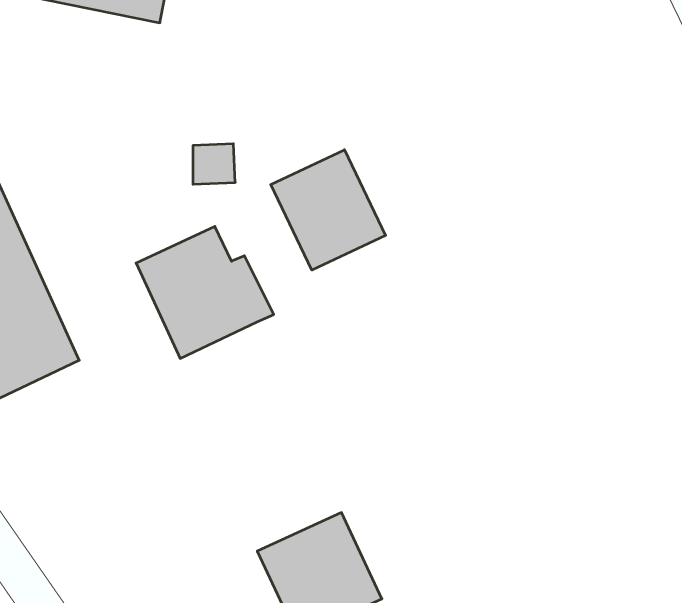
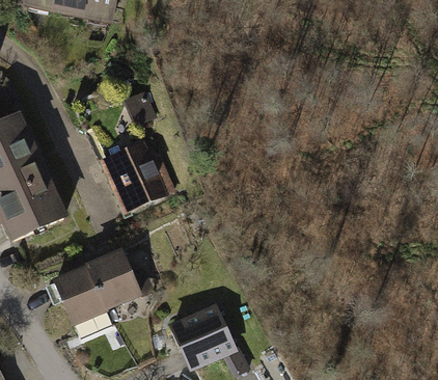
building: [271,150,386,270] -> none
building: none -> [47,250,147,330]

